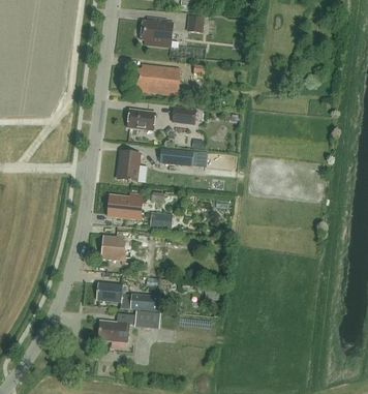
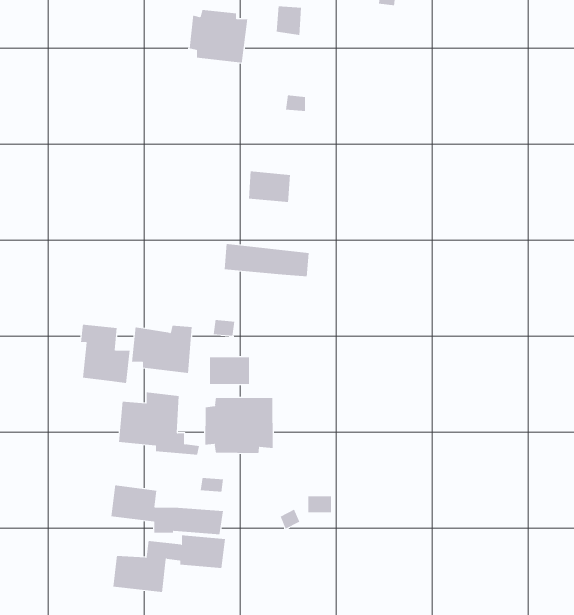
building: [134,63,180,95] -> none
building: [127,109,155,130] -> none
building: [119,150,147,183] -> [80,324,130,383]
building: none -> [205,397,273,454]

